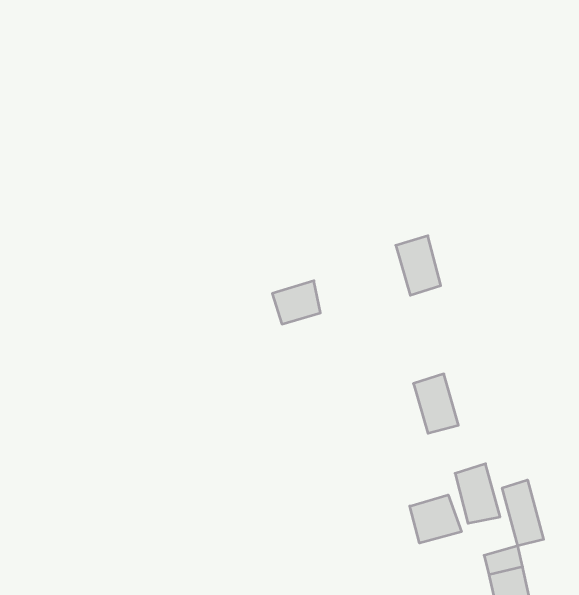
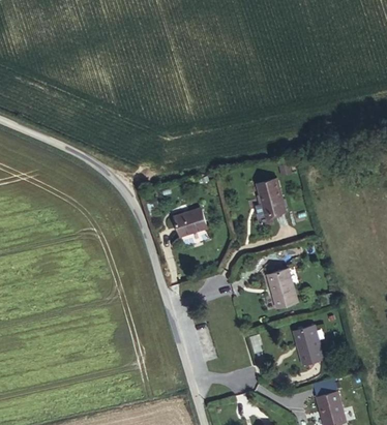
building: [502,480,544,546] -> none
building: [410,495,461,543] -> none

